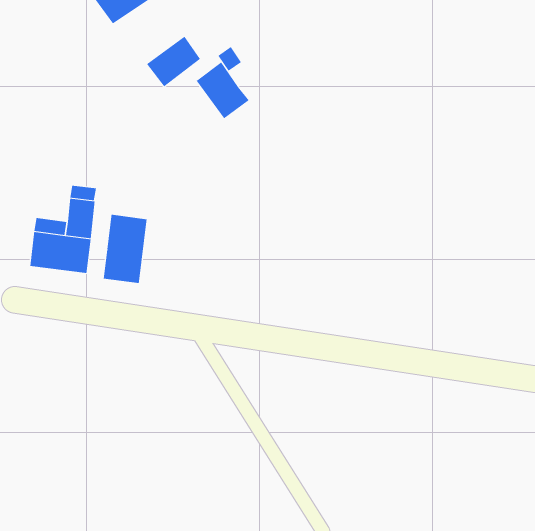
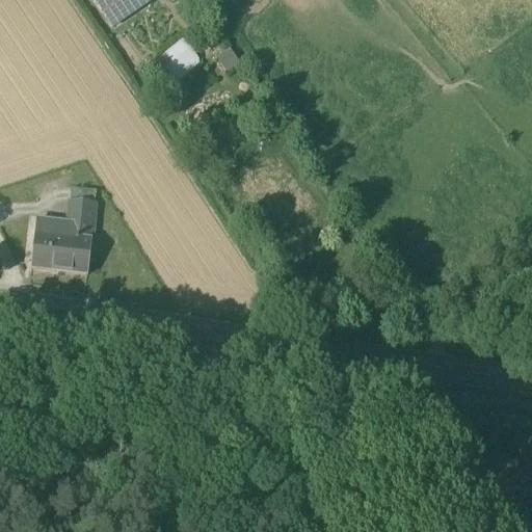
building: [196,62,249,119] -> none
building: [103,214,147,284] -> none

